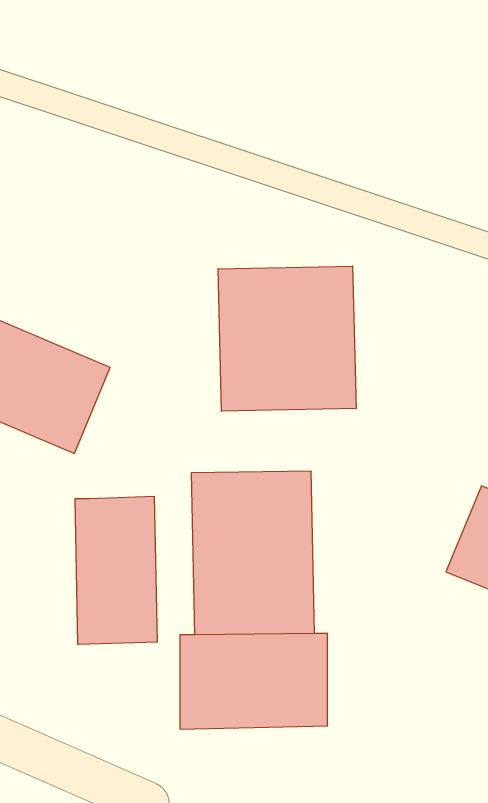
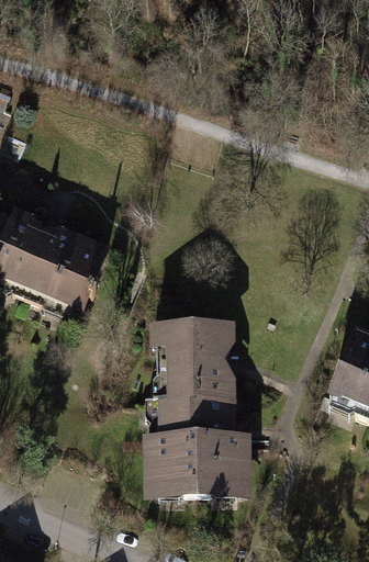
building: [218,266,356,411] -> none
building: [75,496,157,645] -> none

